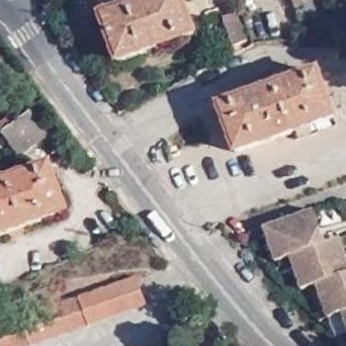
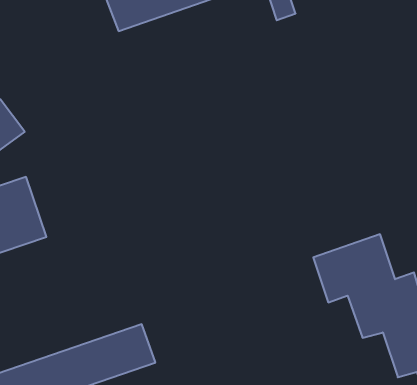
building: [217,68,332,147] -> none

